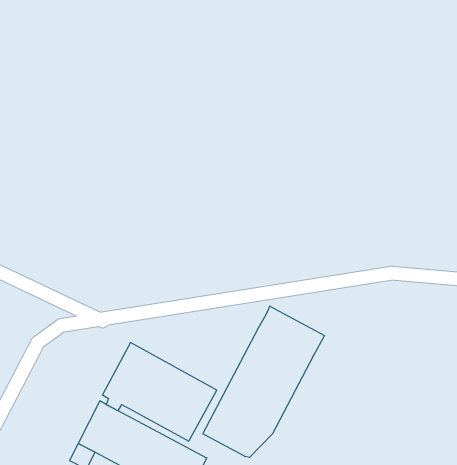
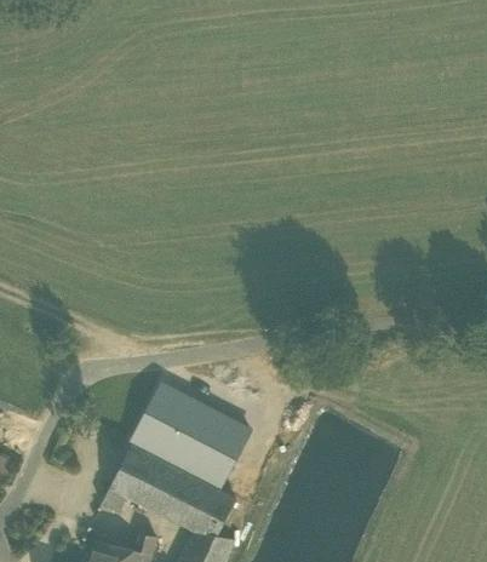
building: [203,306,324,457] -> none

